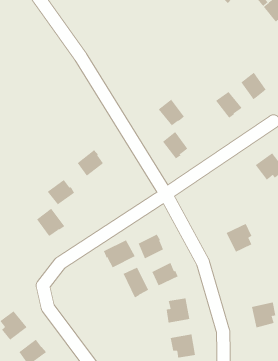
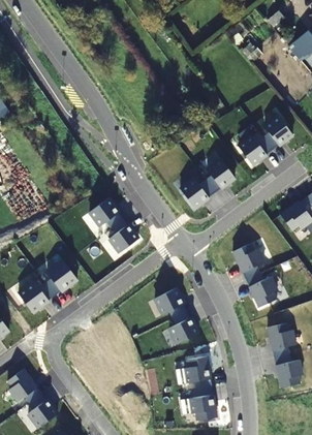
building: [158,99,185,126] -> [207,158,236,187]
building: [47,179,75,205] -> [108,224,138,252]
building: none -> [232,242,264,272]
building: none -> [19,281,49,312]
building: [103,239,136,268] -> none
building: [123,267,149,298] -> none
building: none -> [268,322,295,349]

